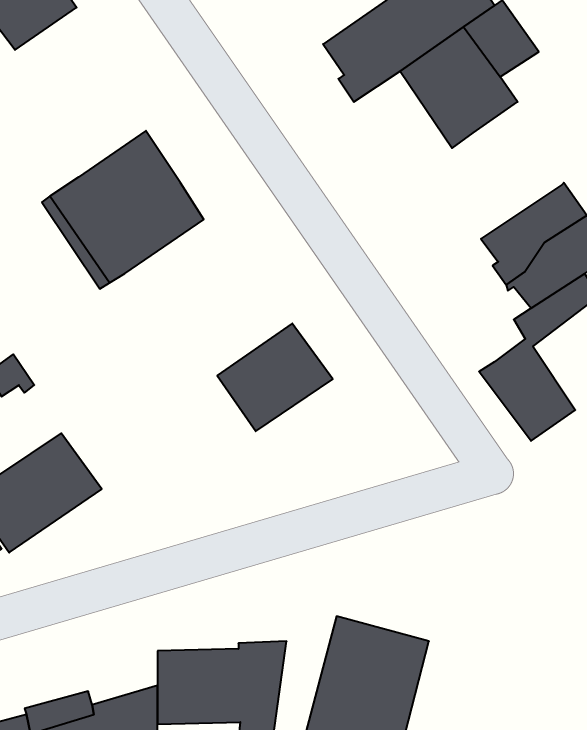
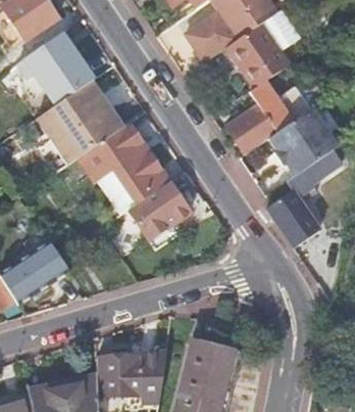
building: none -> [24,31,97,105]
building: none -> [226,82,312,154]
building: none -> [81,127,169,216]

